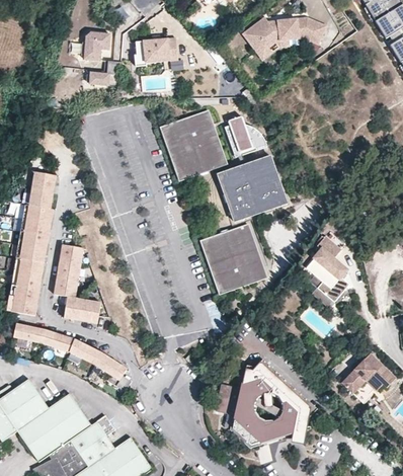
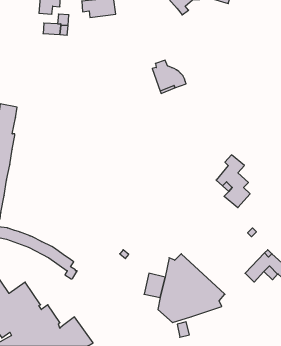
building: [161,111,228,181] -> none
building: [218,156,288,221] -> none
building: [200,223,267,293] -> none
building: [54,244,100,323] -> none

